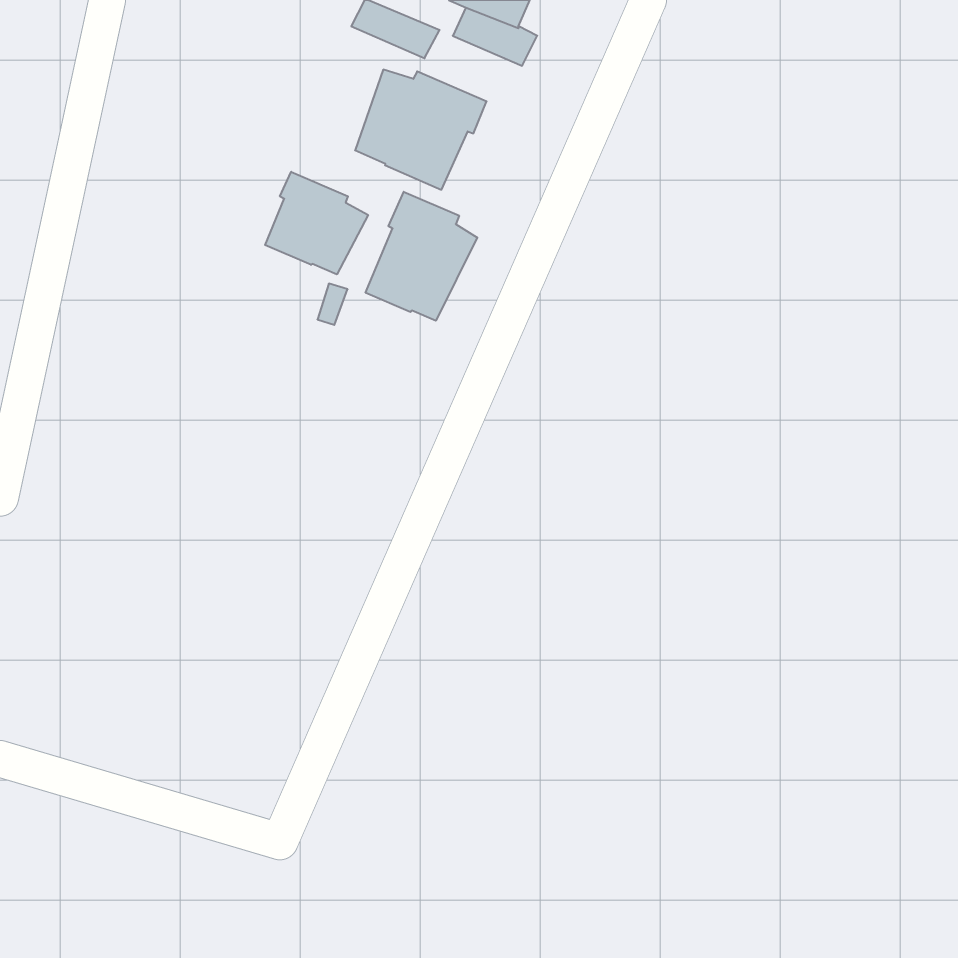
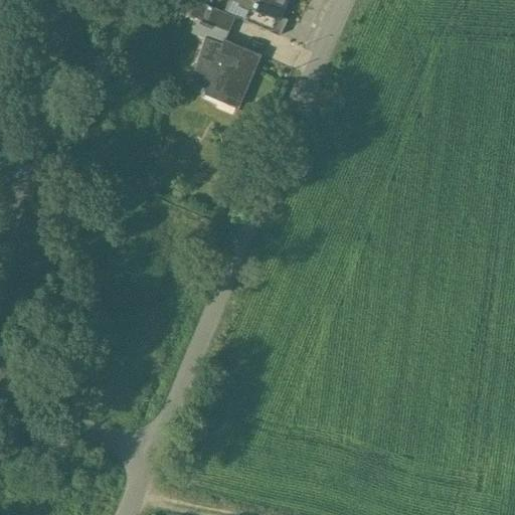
building: [265,172,368,274] -> none
building: [366,192,477,321] -> none

